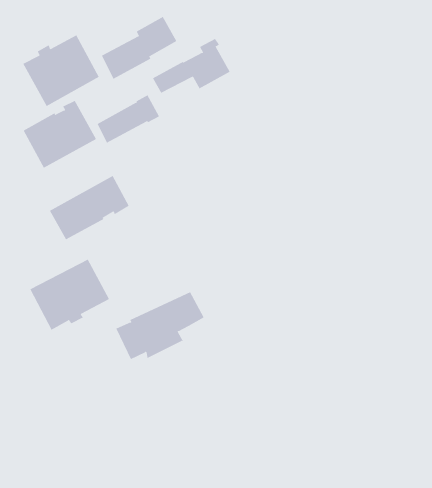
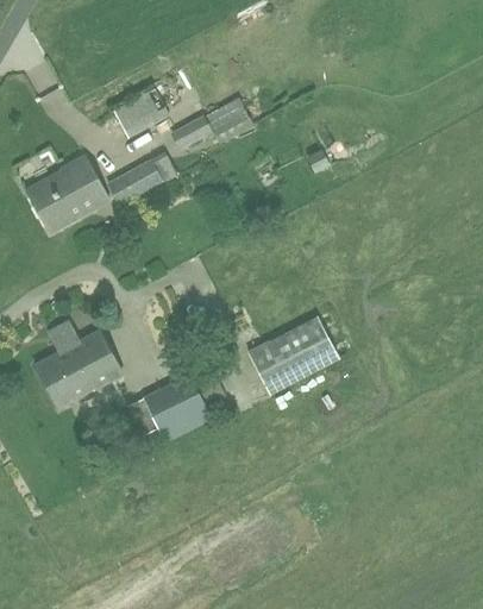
building: [23,34,99,107] -> none
building: [49,175,130,240] -> none
building: none -> [246,316,338,395]

